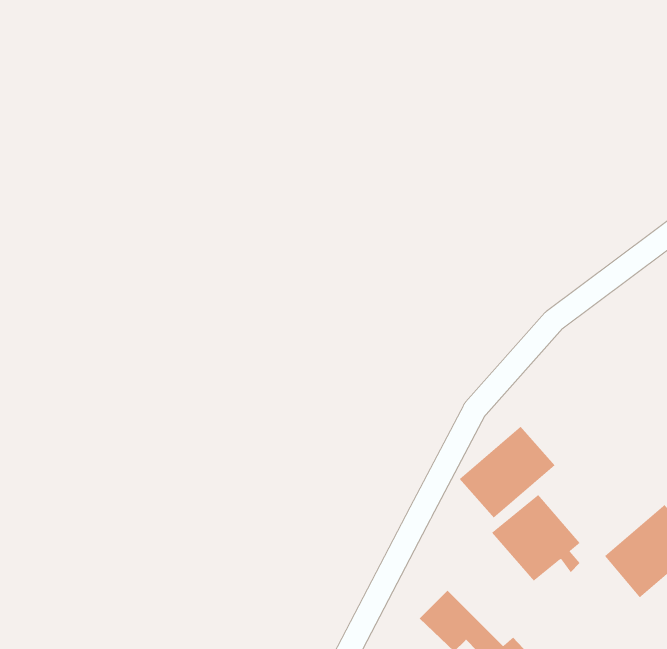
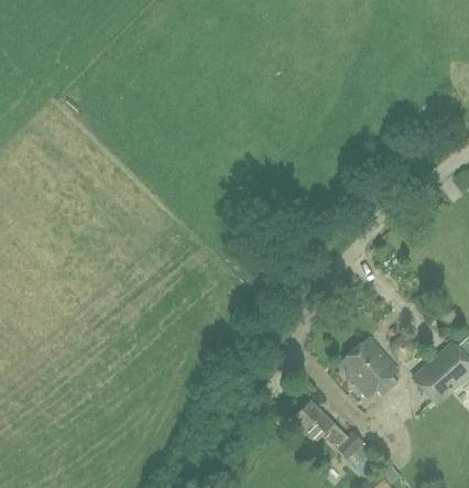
building: [459,426,555,518] -> none

